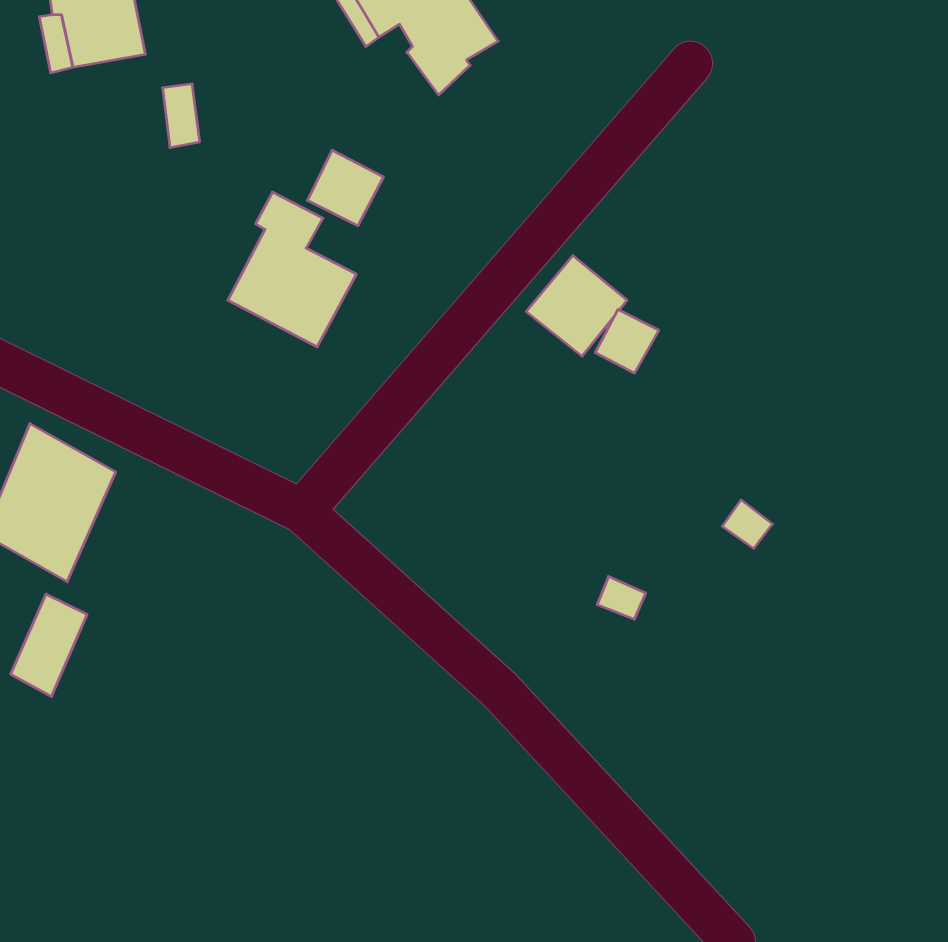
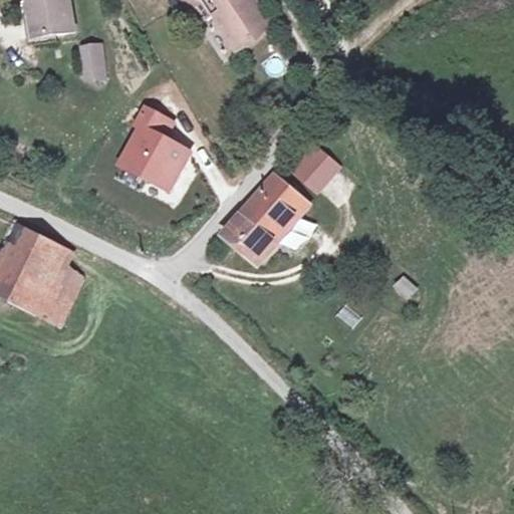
building: [307,150,383,226] -> none
building: none -> [219,174,306,262]
building: [11,594,87,697] -> [36,270,77,325]

